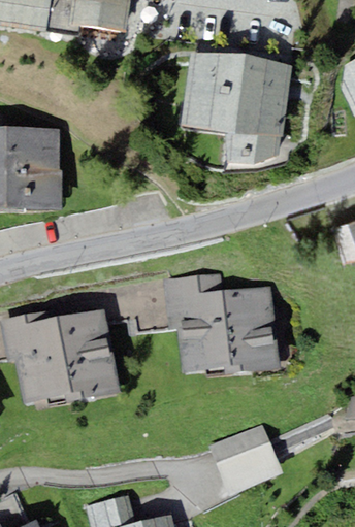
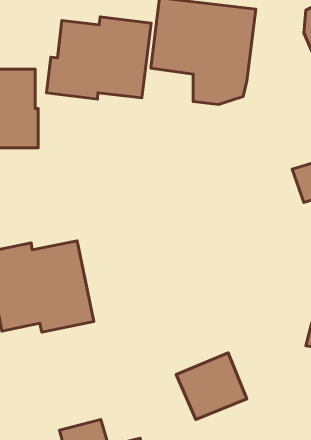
building: none -> [47,17,151,99]
building: [163,273,280,374] -> none

